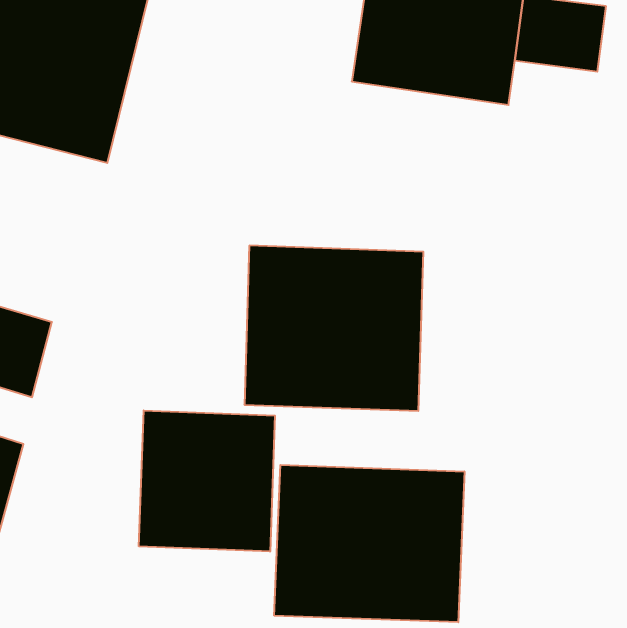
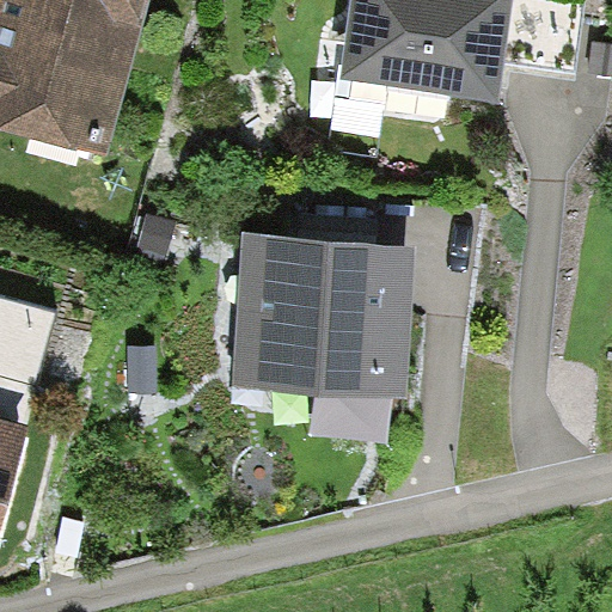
building: [139,410,275,552] -> none
building: [274,465,464,622] -> none

